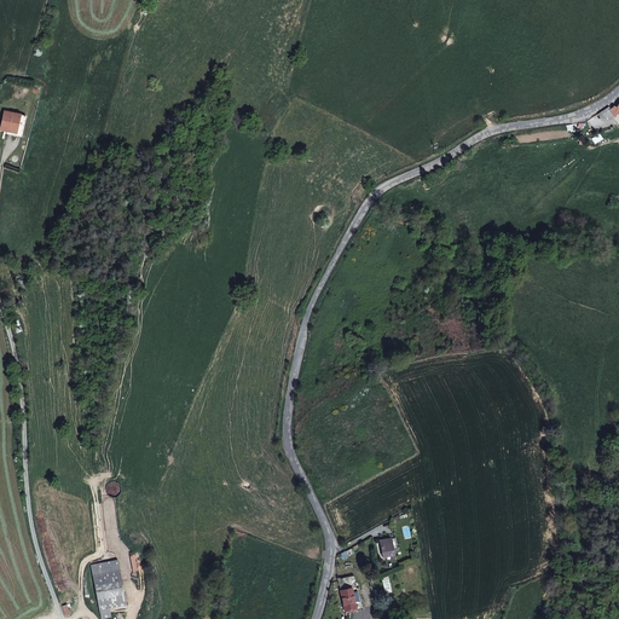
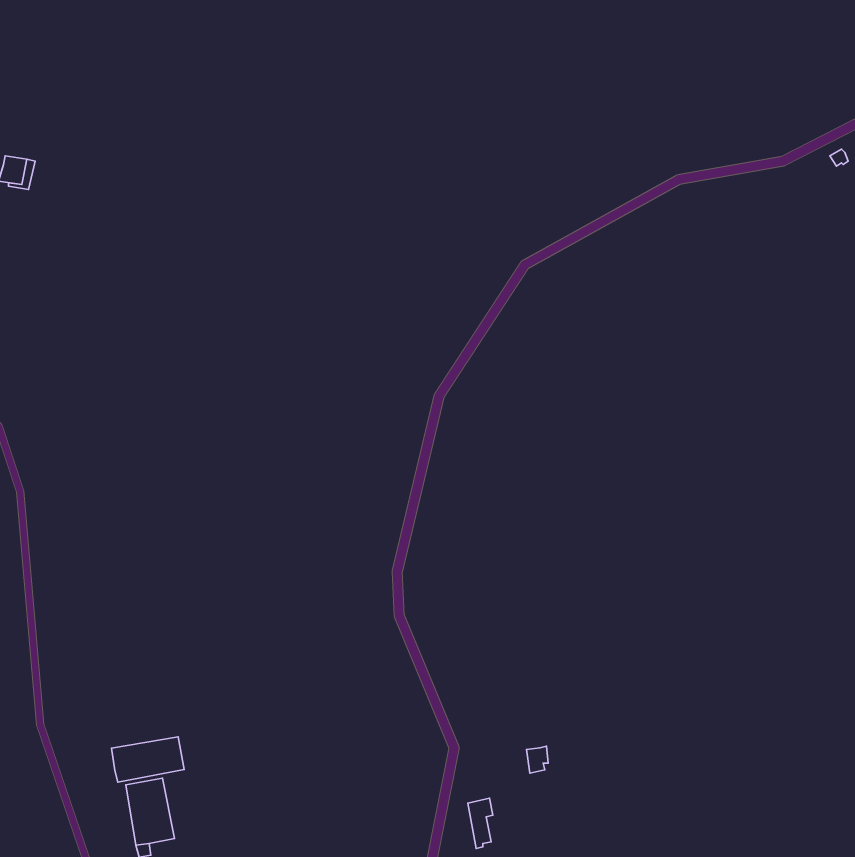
building: none -> [111,737,184,782]

